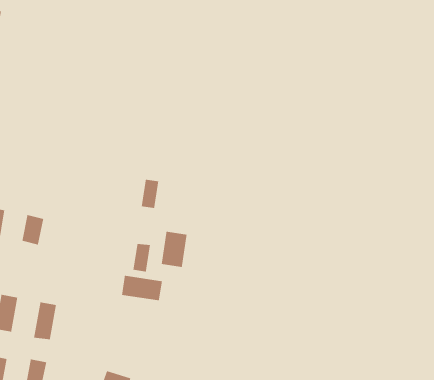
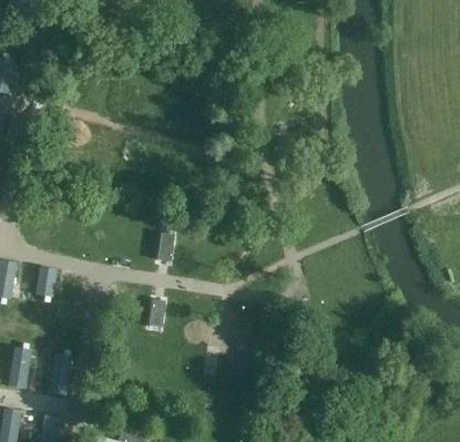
building: [161,231,188,268] -> none
building: [121,275,163,301] -> none

